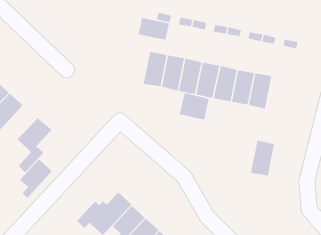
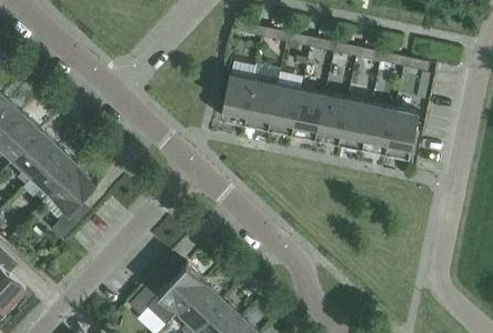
building: [138,17,170,40] -> none
building: [179,92,209,120] -> none
building: [250,140,275,176] -> [385,109,419,158]
building: [19,158,53,199] -> [32,148,78,202]

